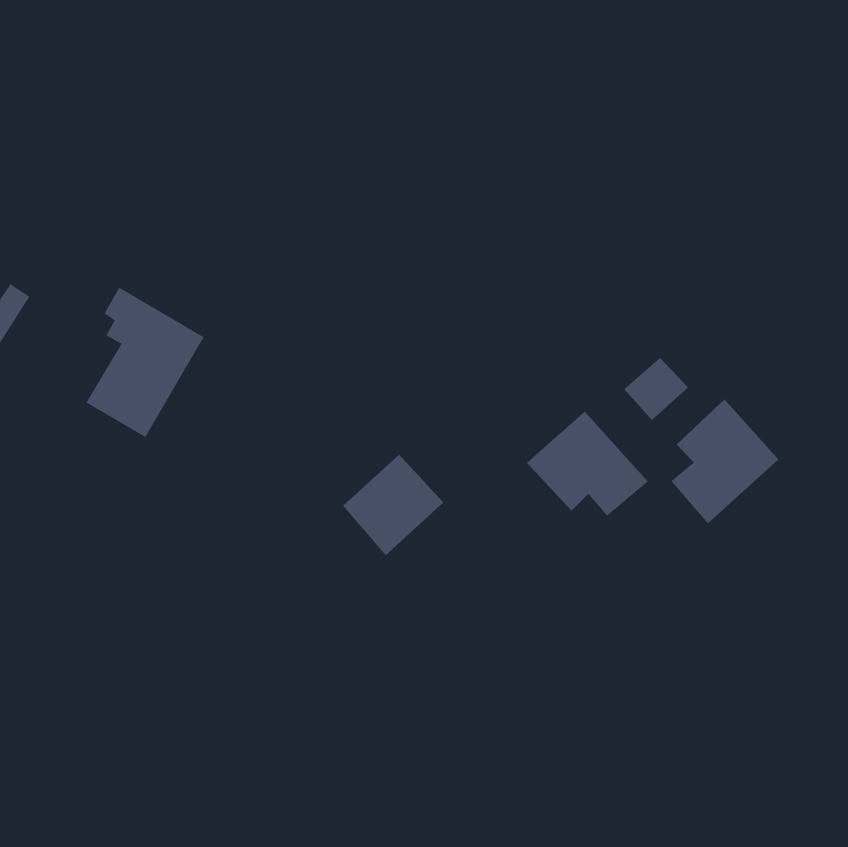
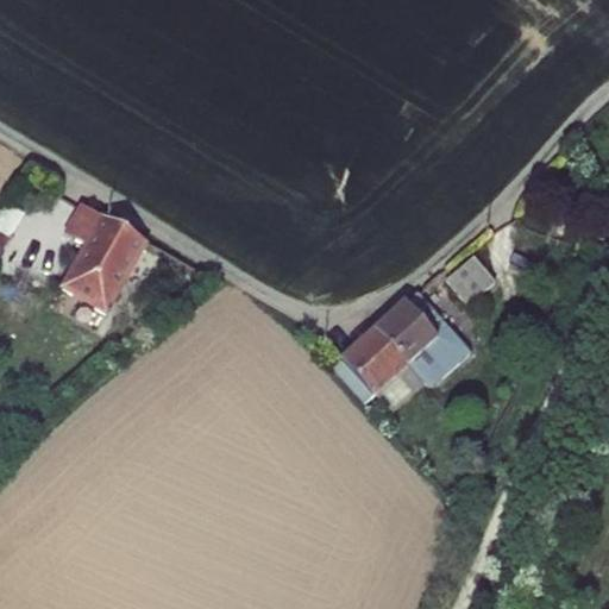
building: [671,398,779,524] -> none
building: [342,454,444,556] -> [333,328,406,401]

